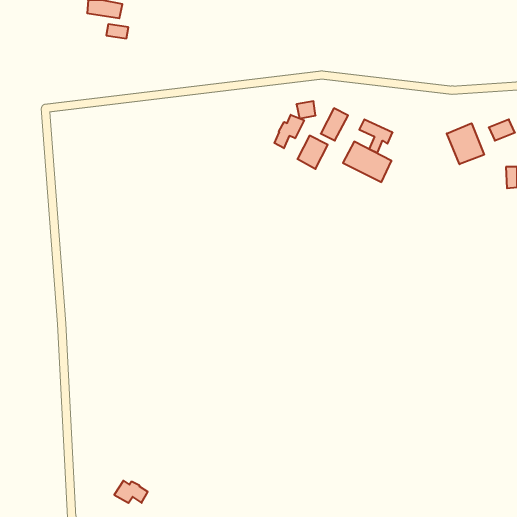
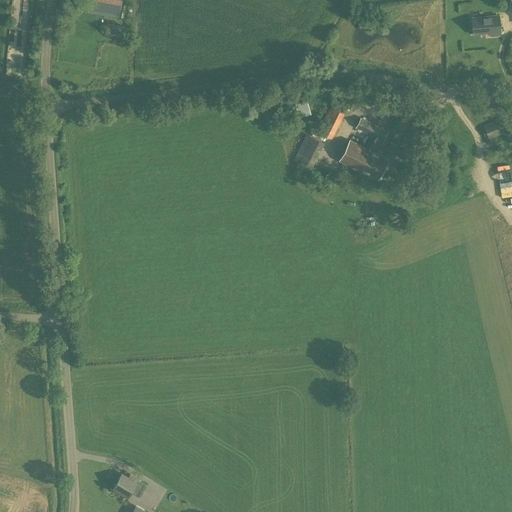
building: none -> [471,16,500,34]
building: [274,115,304,148] -> none
building: [447,123,484,164] -> none

